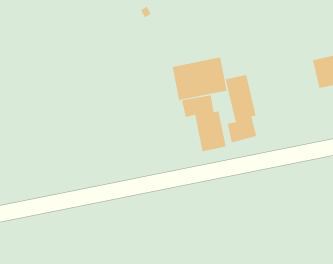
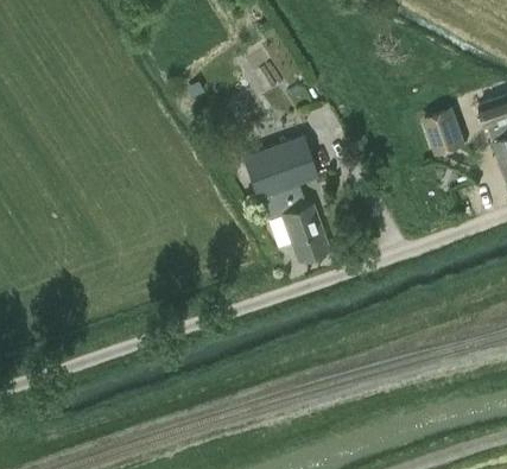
building: [225,74,257,143] -> none

